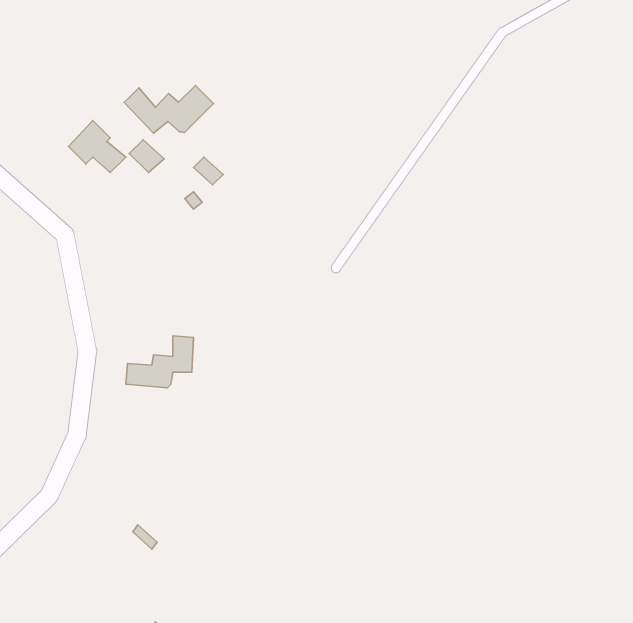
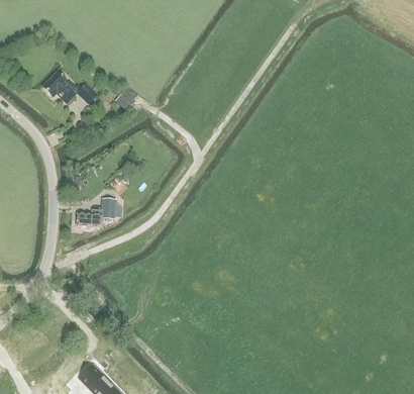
building: [124,85,214,133] -> none

